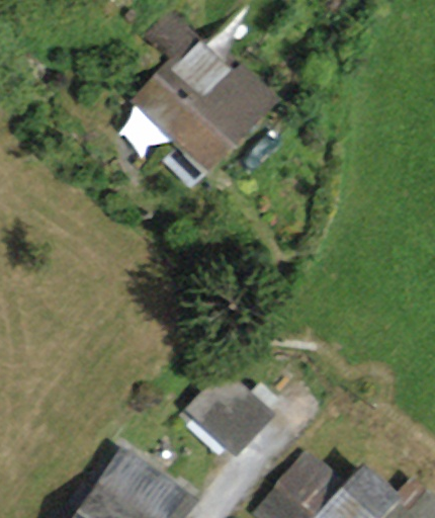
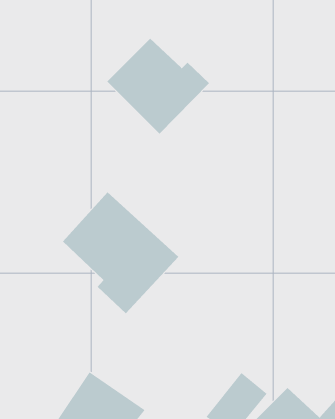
building: none -> [62,192,179,314]
building: [185,371,265,451] -> none

